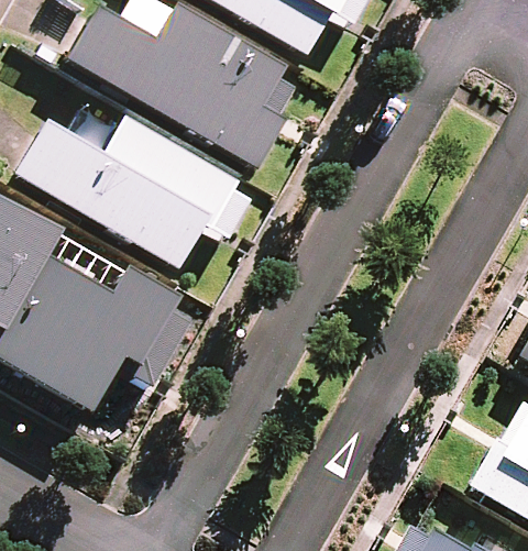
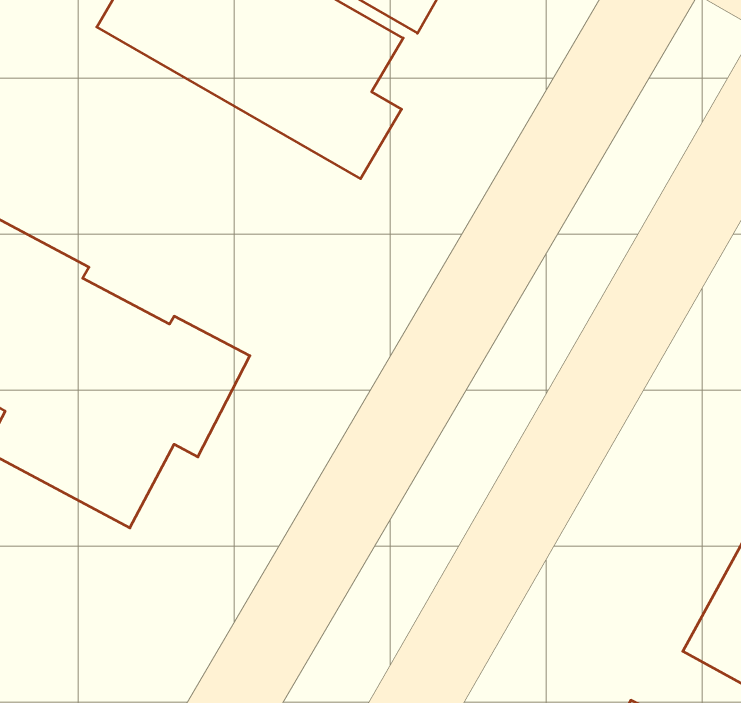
building: [14,114,257,267] -> none

